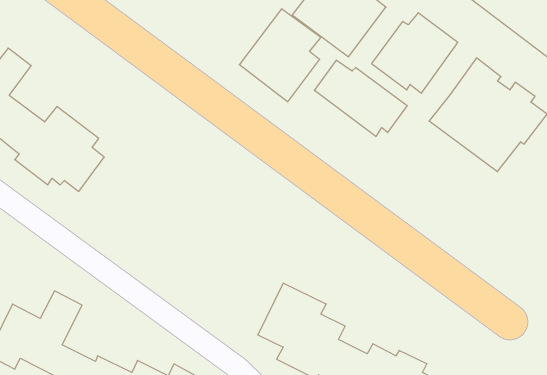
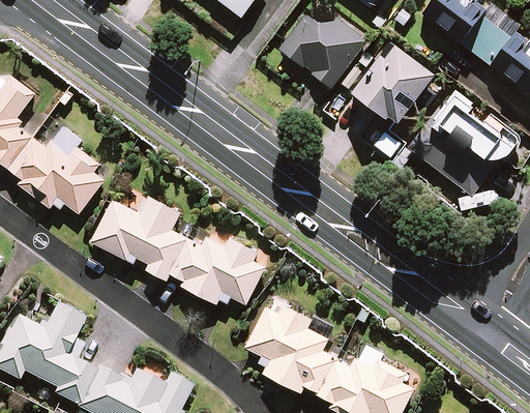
building: [239,9,321,102] -> none
building: [314,60,407,137] -> none
building: none -> [93,197,261,301]

